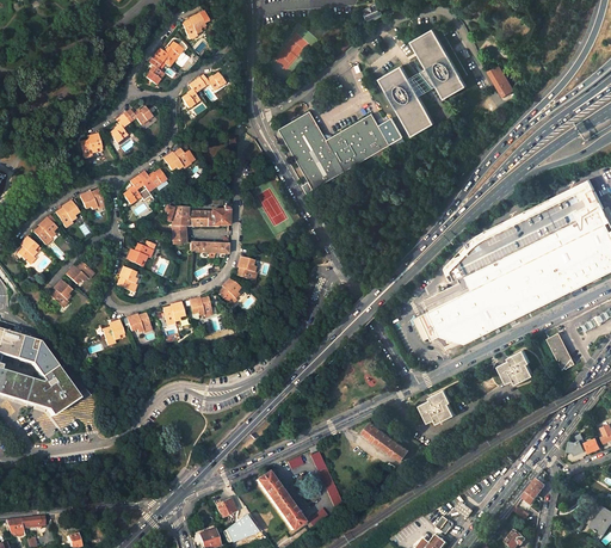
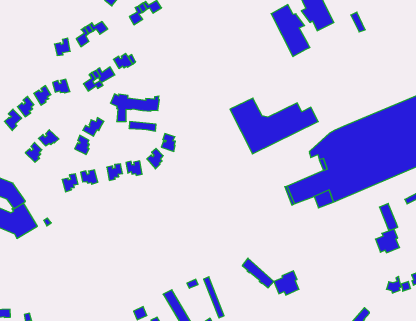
building: [279,111,403,189] -> [230,98,318,154]
building: [499,349,533,382] -> [375,229,400,253]
building: [418,388,453,423] -> [274,271,299,295]

